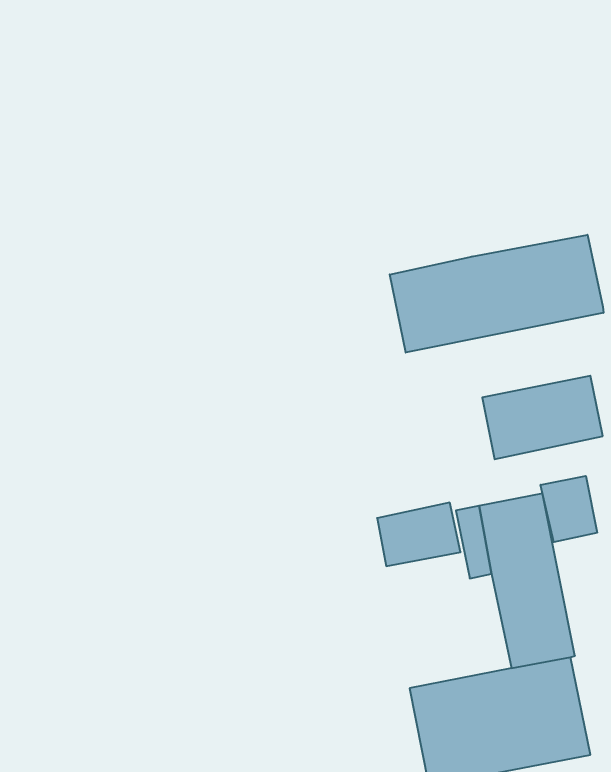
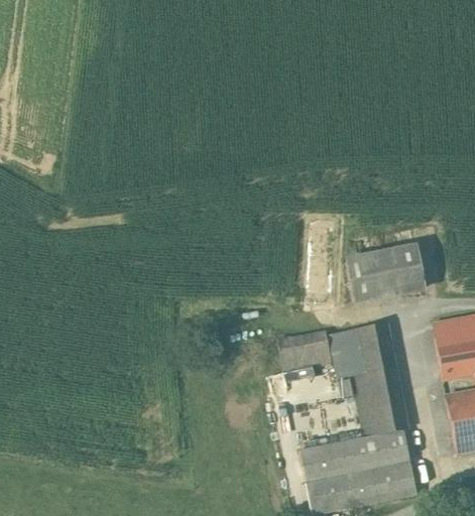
building: [390,235,603,353] -> none
building: [541,476,597,542] -> none

